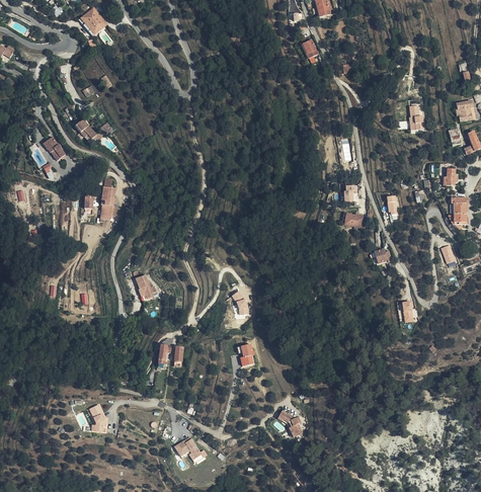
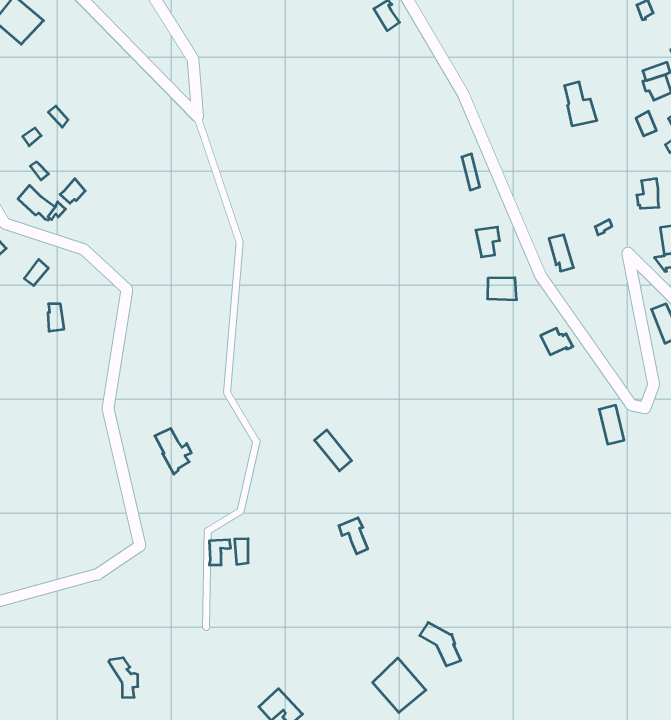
building: [99,177,116,221] -> none
building: none -> [373,658,426,713]

